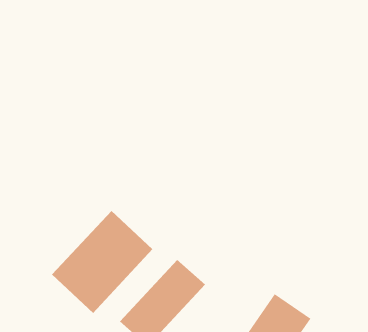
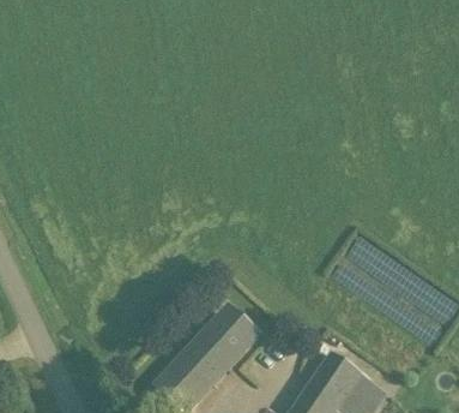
building: [51,210,153,314] -> none

